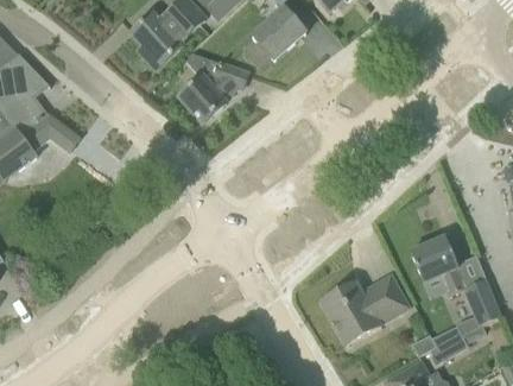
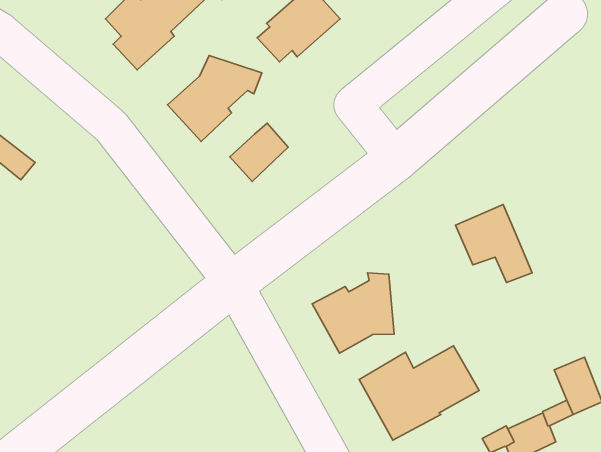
building: none -> [230,123,288,182]
building: none -> [312,273,394,353]
building: [410,235,467,293] -> [455,204,532,283]

